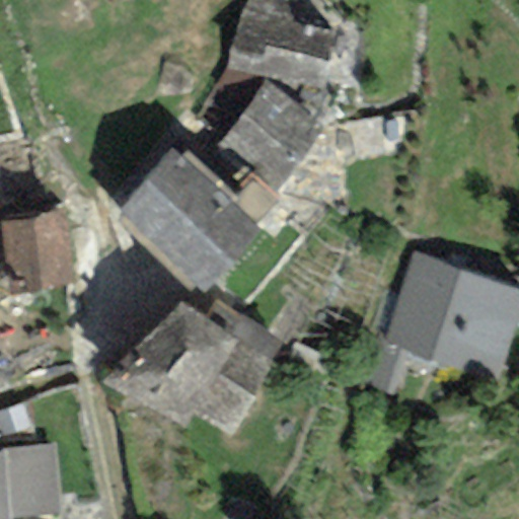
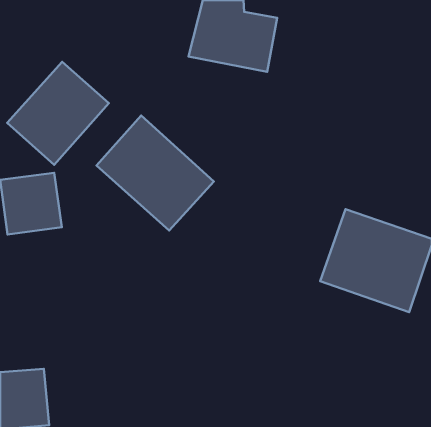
building: none -> [7,62,109,165]
building: [219,80,319,181] -> none
building: [115,297,287,433] -> none

